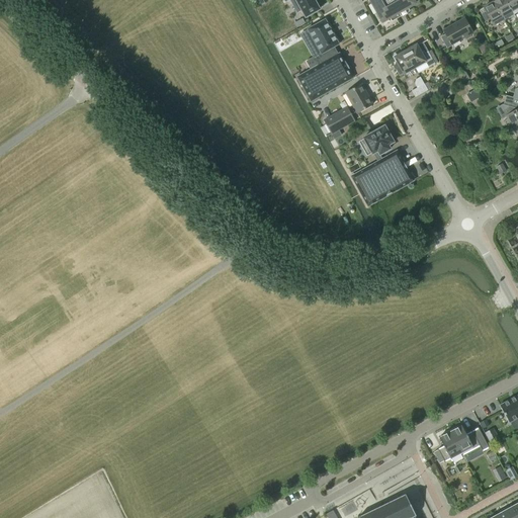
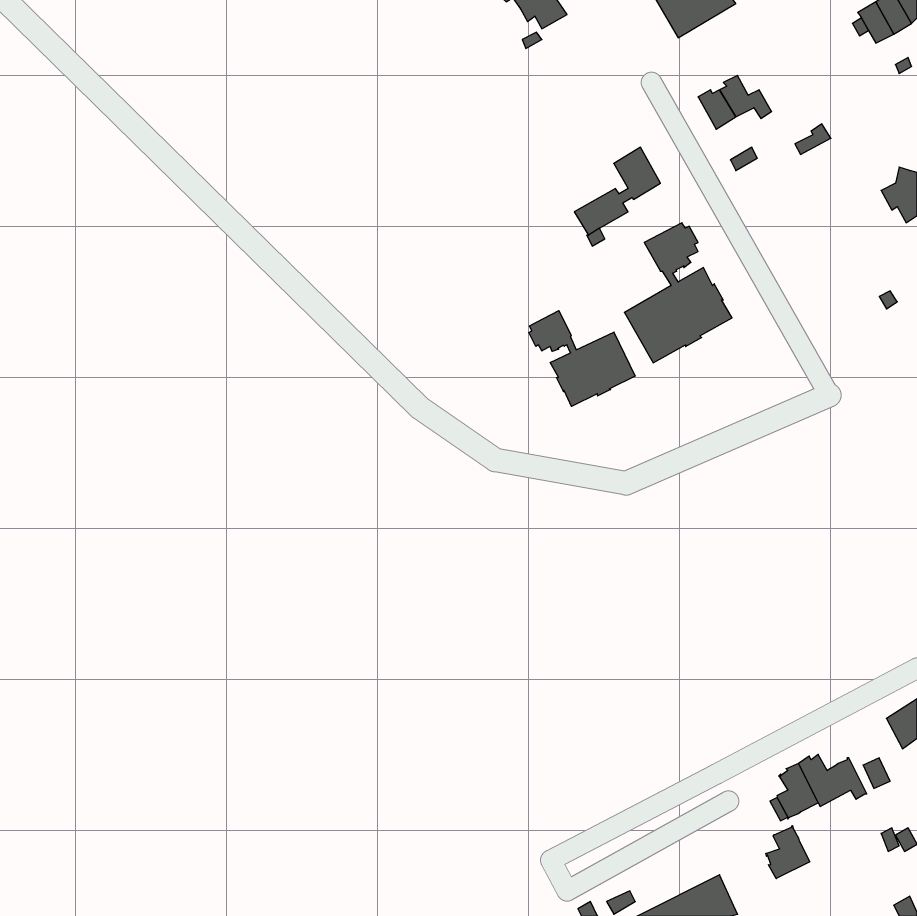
building: [440,17,472,48] -> none
building: [296,18,353,101] -> none
building: none -> [529,311,635,406]
building: none -> [766,826,810,879]

